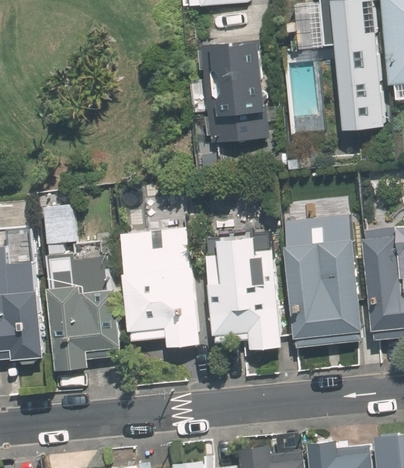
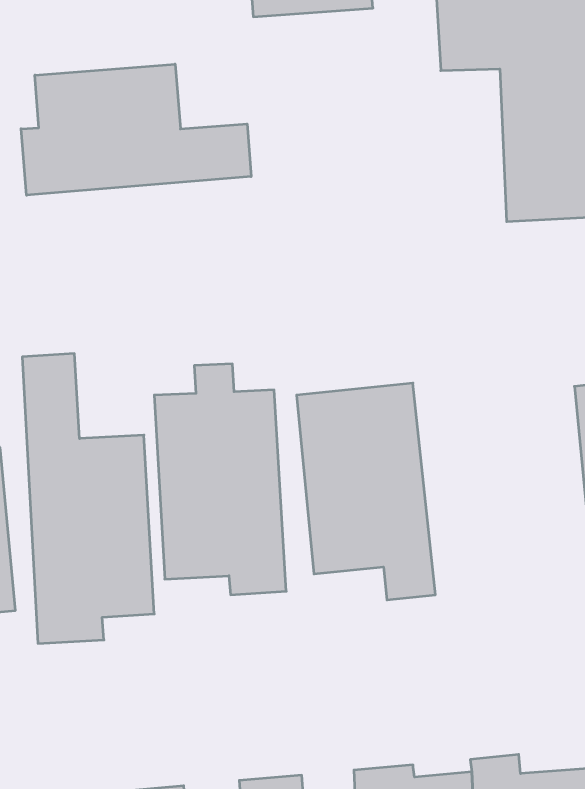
building: [196,40,271,154] -> none
building: none -> [21,64,251,195]
building: [284,230,360,346] -> none

